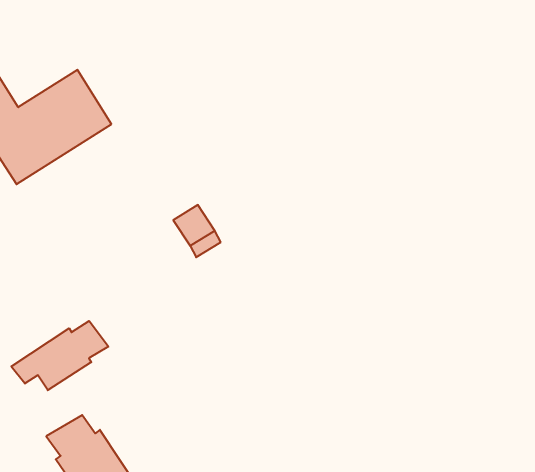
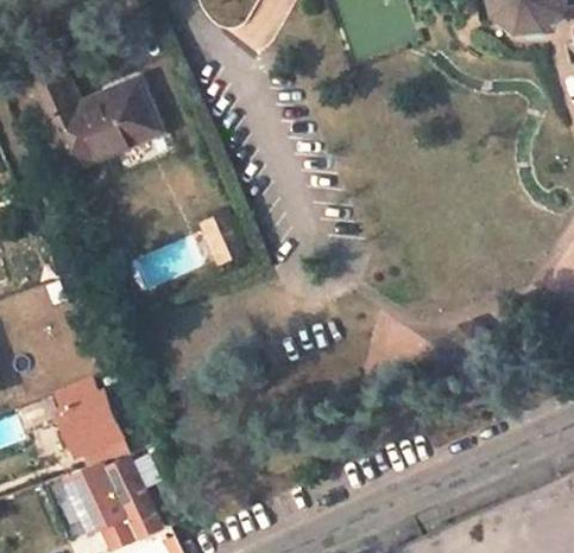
building: [11,321,108,390] -> none

